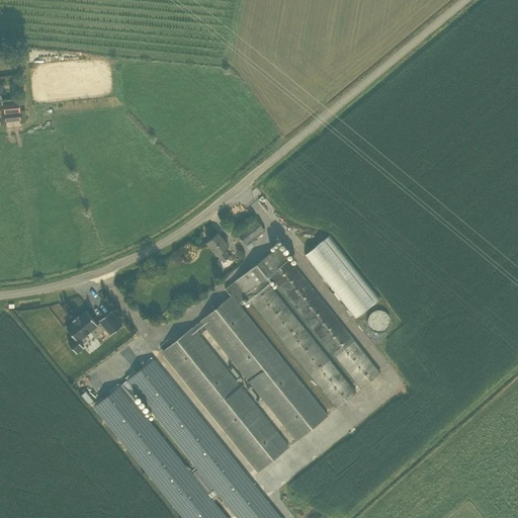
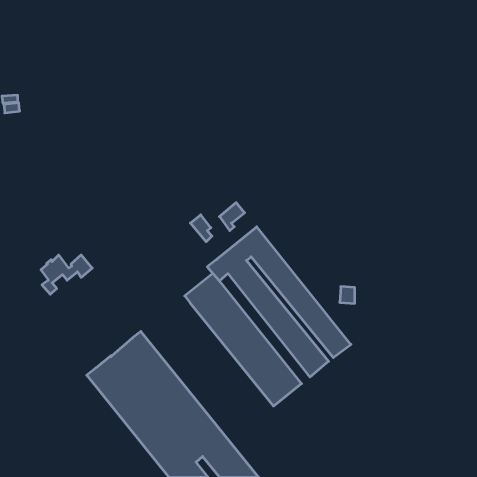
building: [304,233,379,319] -> none
building: [67,311,122,353] -> [41,255,92,294]
building: [162,321,289,471] -> none

